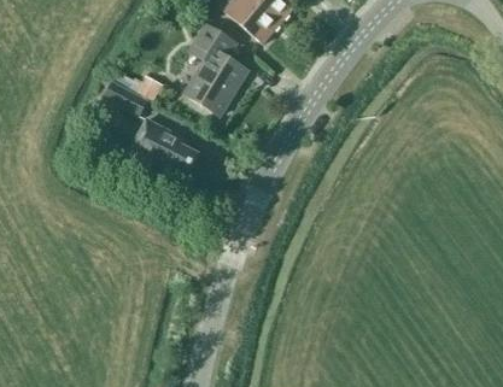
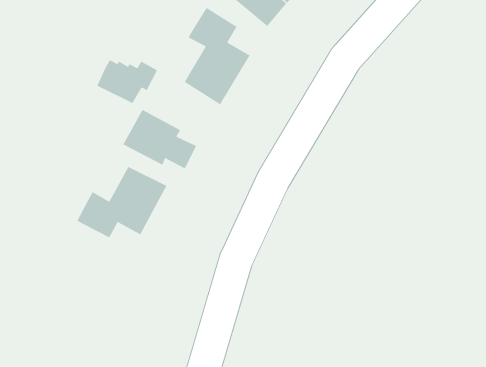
building: none -> [77,166,167,238]

